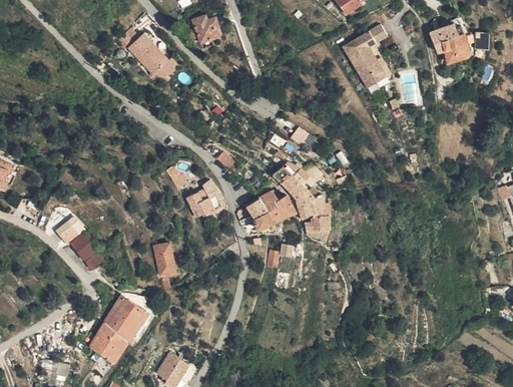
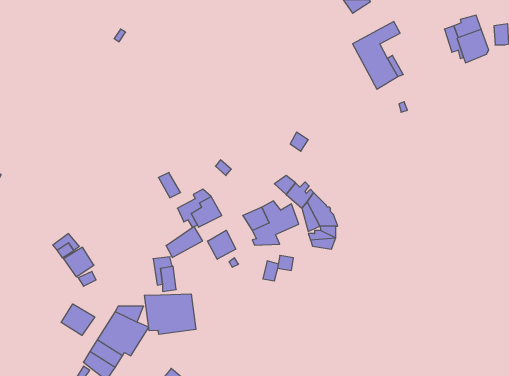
building: [194,19,222,48] -> none
building: [120,31,171,84] -> none
building: none -> [166,226,202,258]
building: none -> [207,230,236,259]
building: none -> [144,294,196,334]
building: none -> [61,304,95,335]

